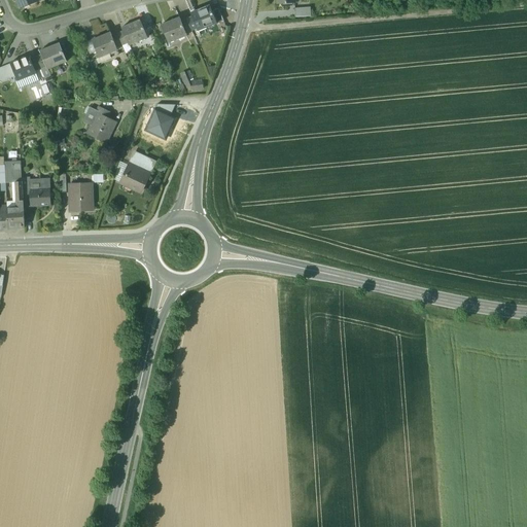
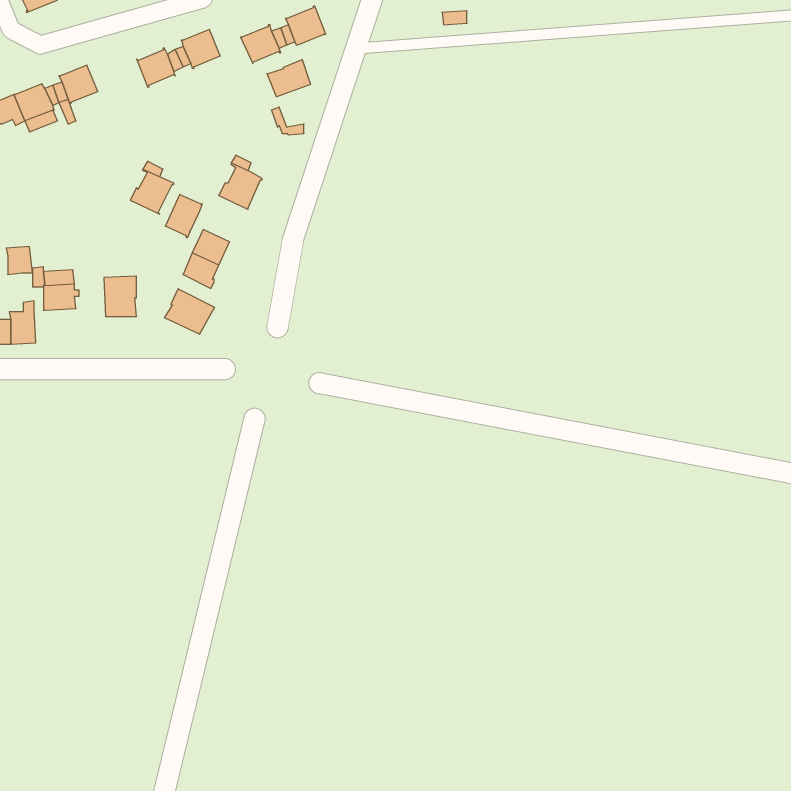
building: none -> [267,60,311,97]
building: none -> [165,194,202,238]
building: none -> [165,289,214,334]

